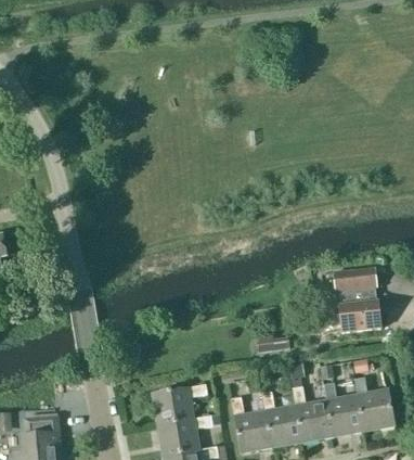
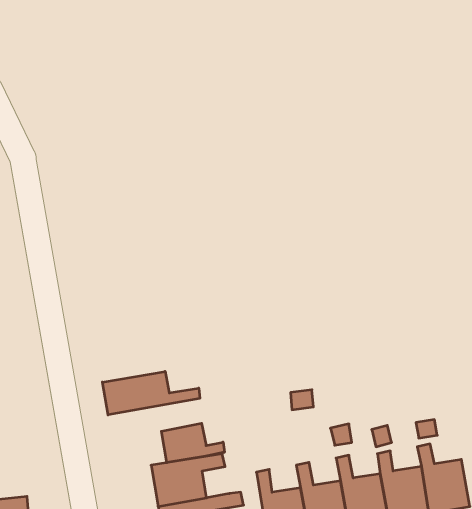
building: [333,268,380,331] -> none
building: none -> [102,371,200,415]
building: none -> [161,423,224,463]

